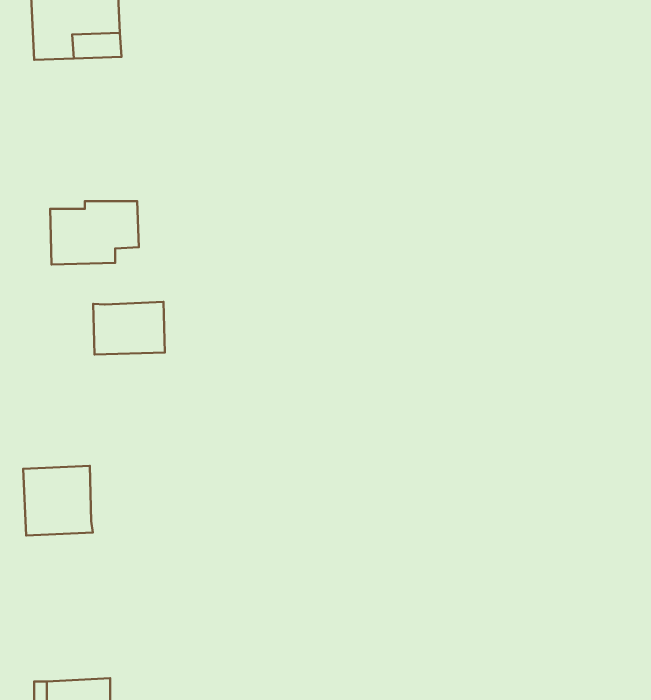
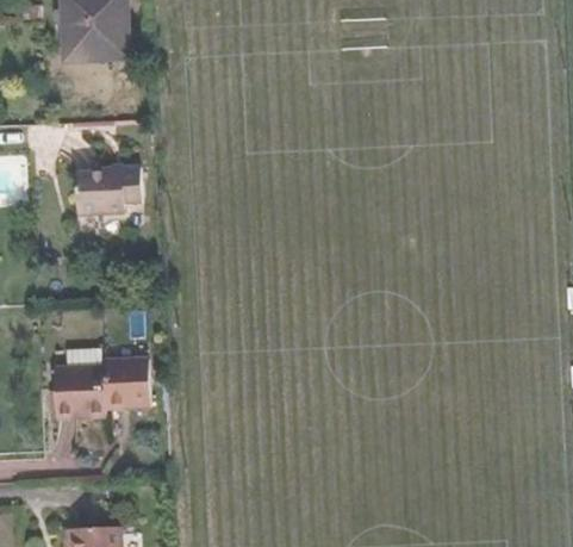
building: [93,302,165,355] -> none
building: none -> [104,358,151,408]

